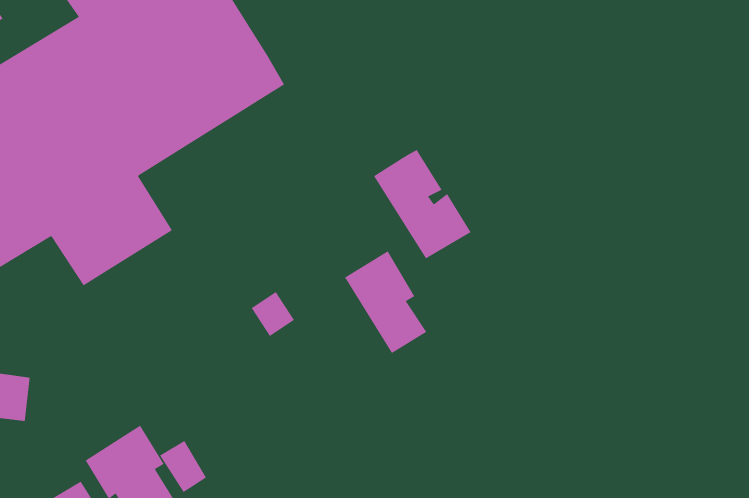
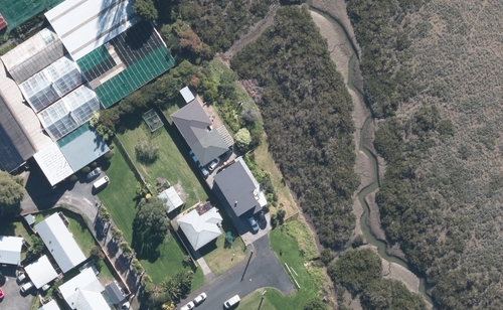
building: [373,149,471,259] -> [168,101,226,166]
building: none -> [174,201,220,251]
building: none -> [34,211,87,273]
building: none -> [23,255,57,289]

